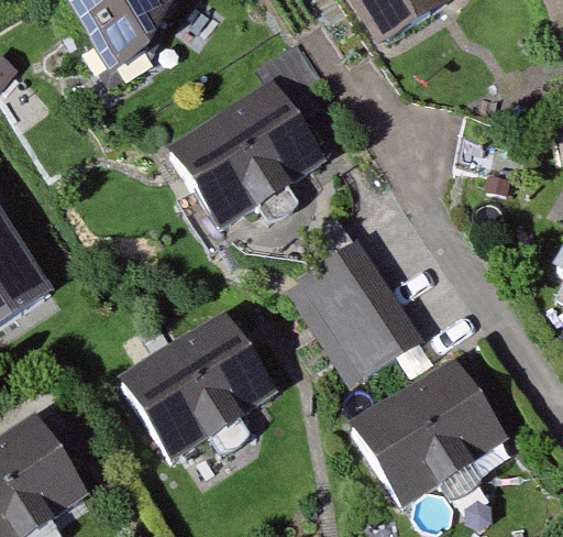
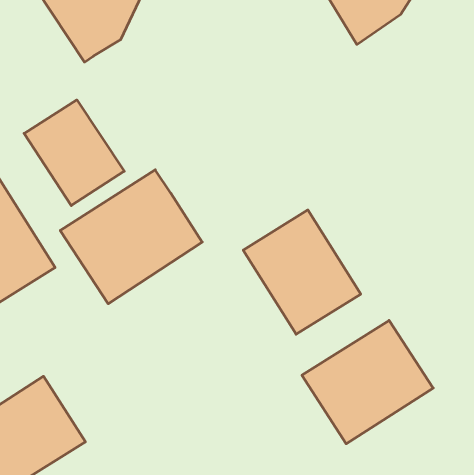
building: [163,74,325,228] -> none
building: none -> [24,100,124,206]
building: [115,307,275,458] -> [60,170,202,304]

